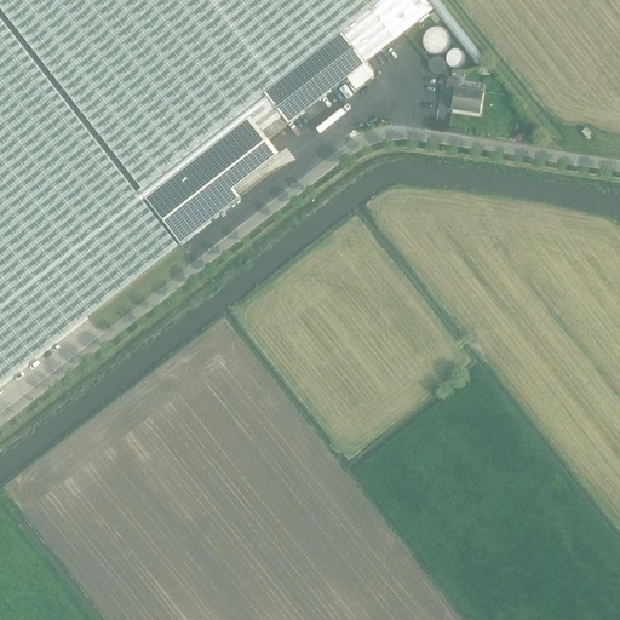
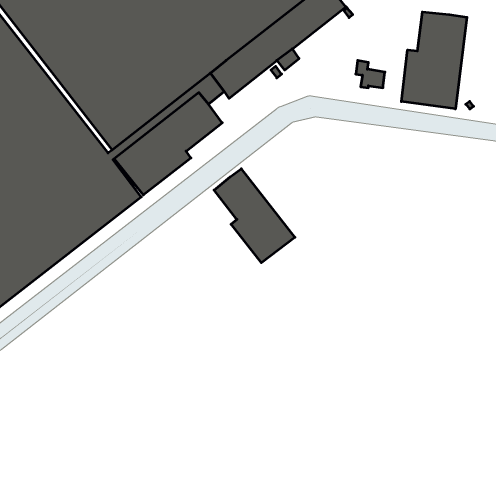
building: none -> [401,12,467,109]
building: none -> [214,169,295,263]

